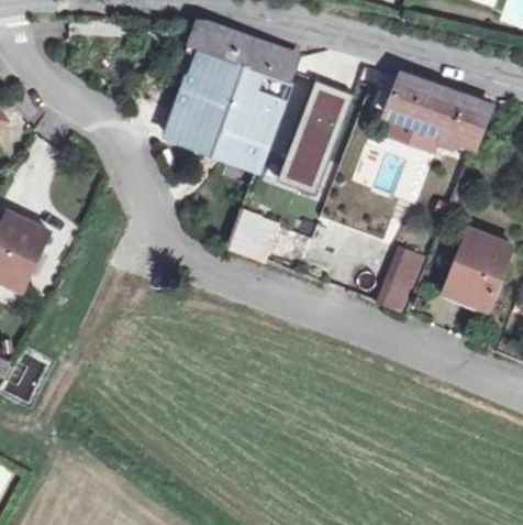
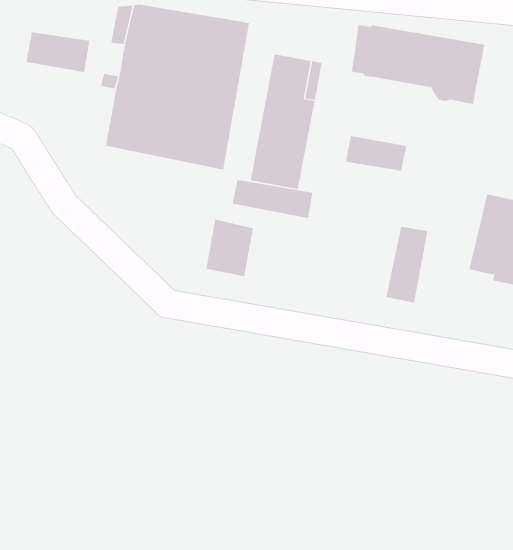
building: none -> [26,32,90,73]
building: [387,117,439,153] -> [345,136,407,171]
building: none -> [232,179,313,219]

